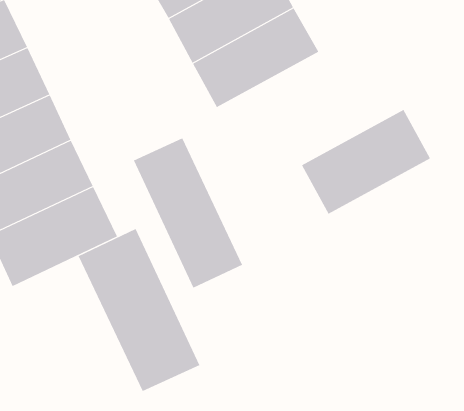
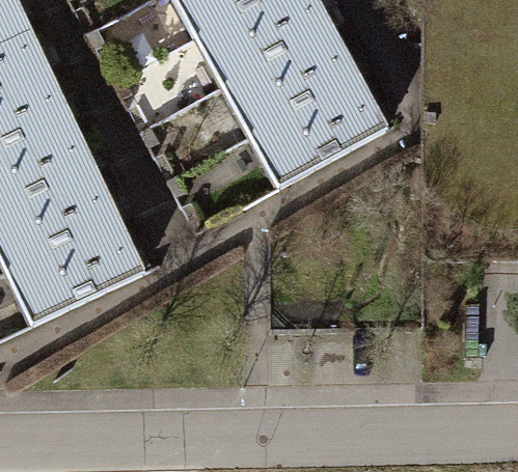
building: [301,109,431,214] -> [249,72,388,185]
building: [133,138,243,289] -> none
building: [78,228,200,392] -> none

